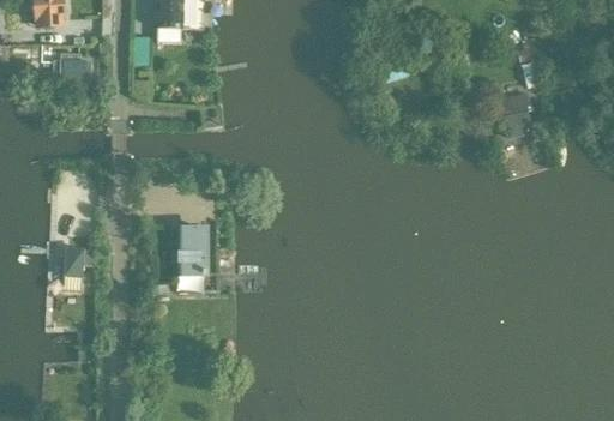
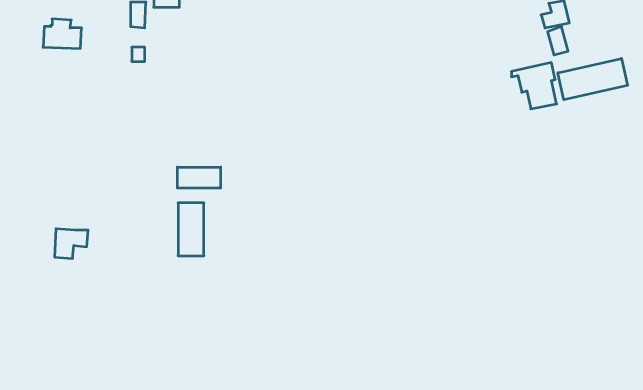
building: none -> [558,58,628,100]
building: none -> [177,167,221,188]

